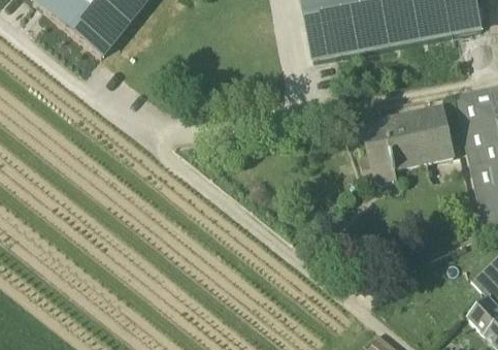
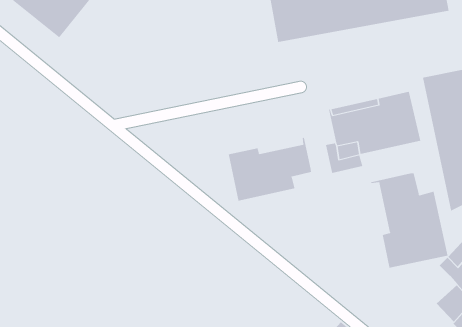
building: none -> [228,137,312,202]
building: none -> [370,172,448,269]

